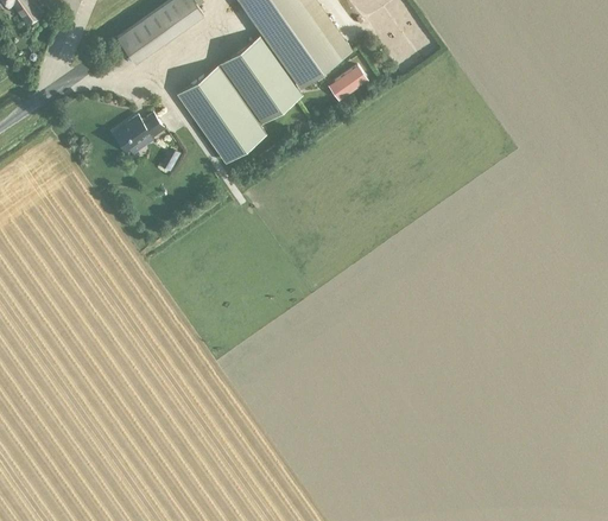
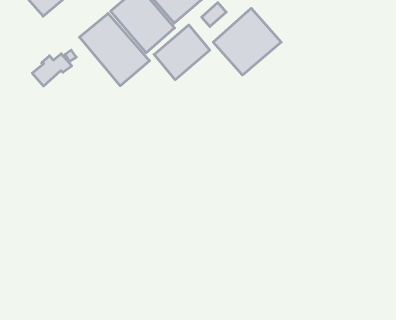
building: none -> [213,8,281,75]
building: none -> [154,25,210,80]

